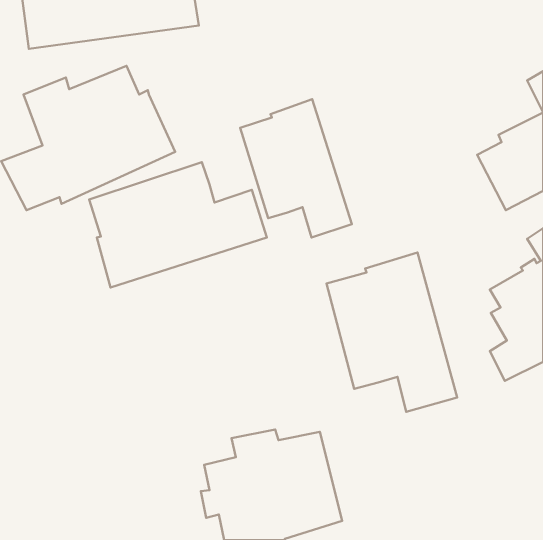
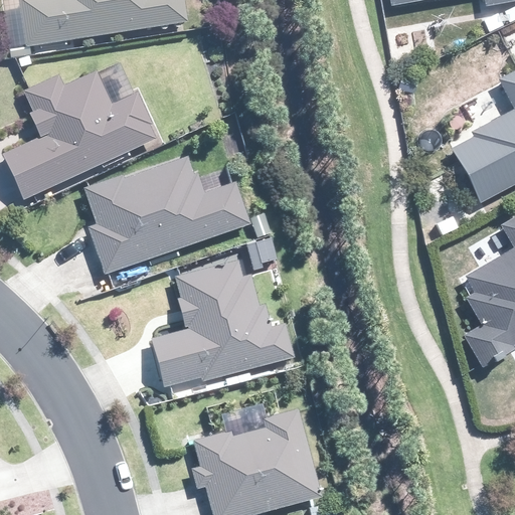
building: [240,99,352,237] -> none
building: [327,252,457,412] -> none
building: none -> [151,259,295,400]

